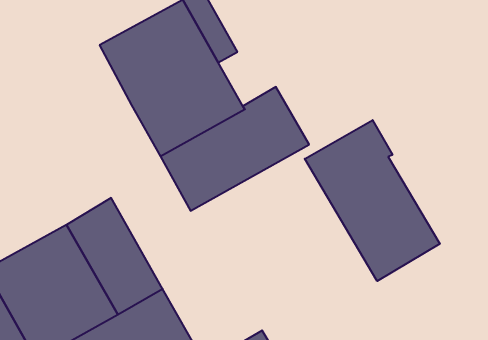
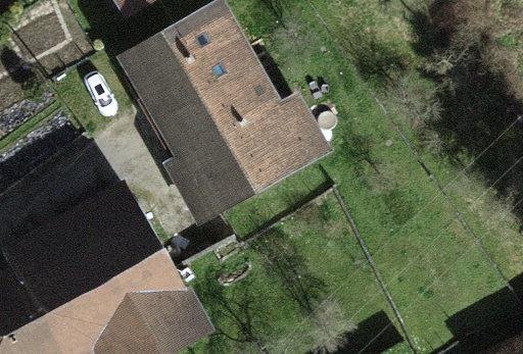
building: [305,120,440,281] -> none

